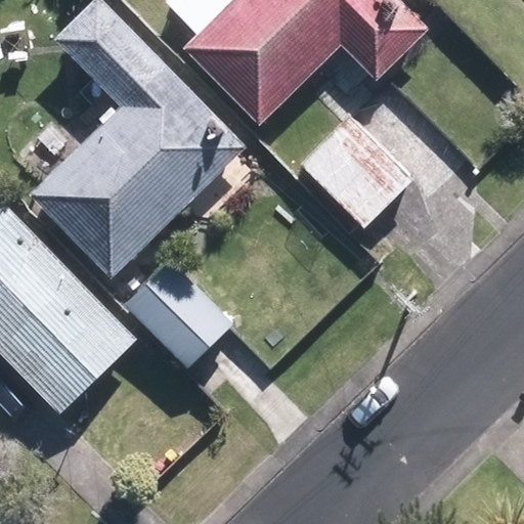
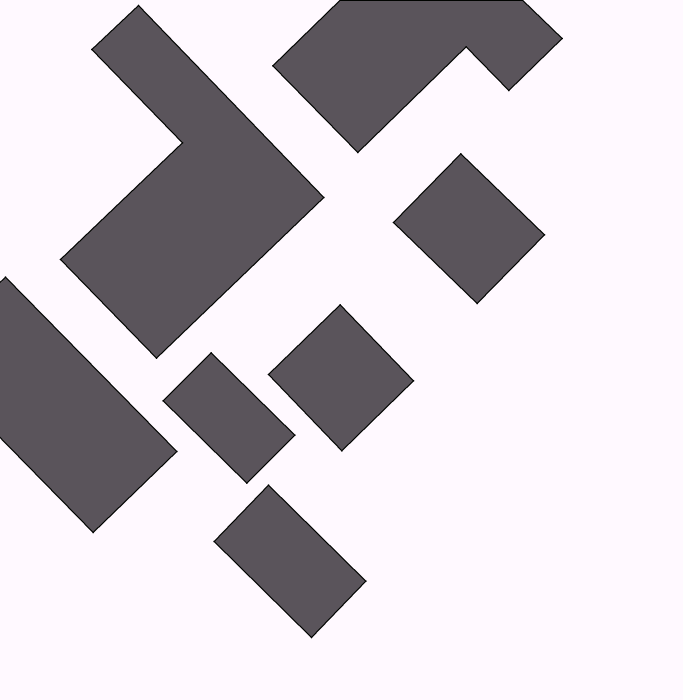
building: none -> [269,305,413,451]
building: none -> [214,485,366,637]

